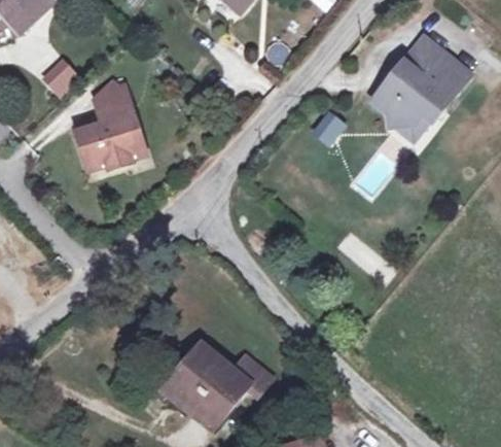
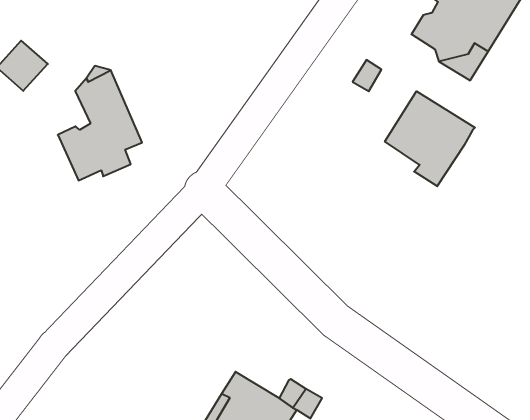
building: none -> [385,91,475,186]

